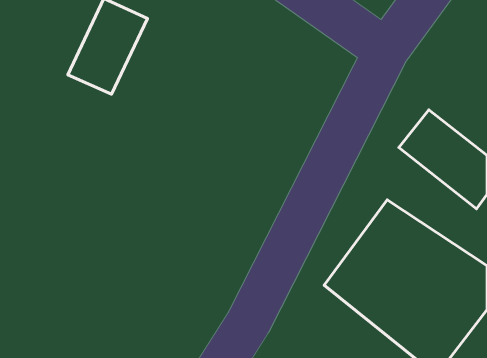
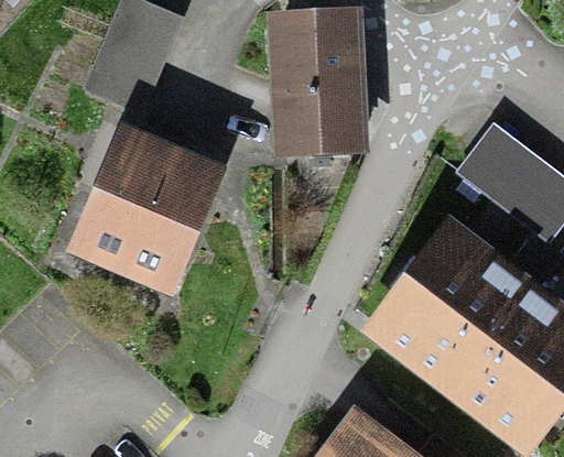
building: none -> [272,22,352,154]
building: none -> [77,144,203,290]

